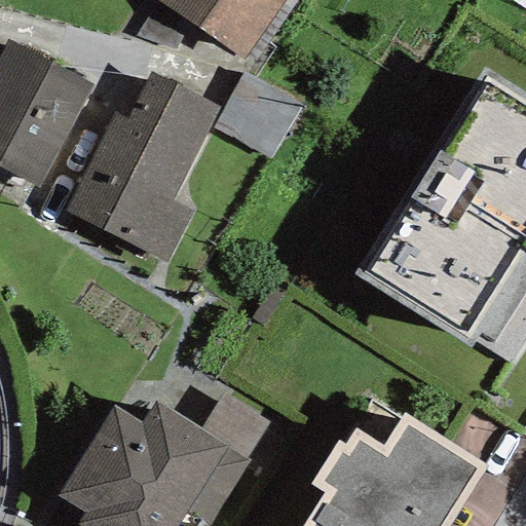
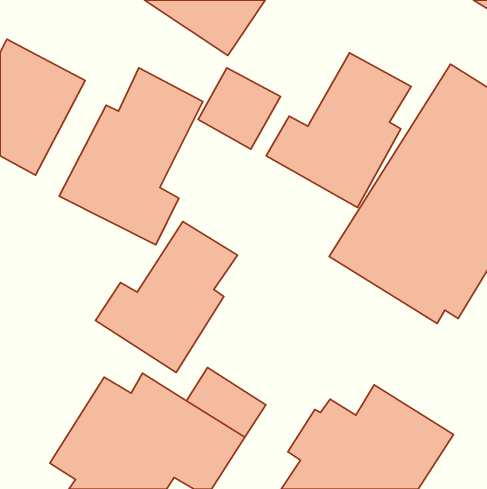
building: none -> [266,53,411,207]
building: none -> [95,221,237,372]

